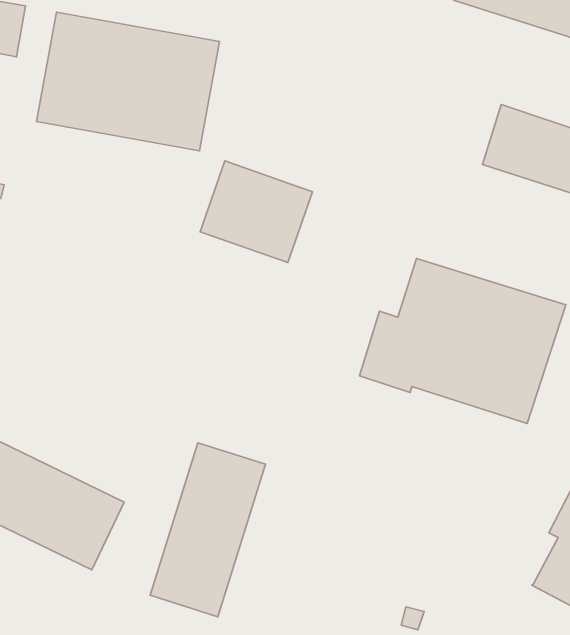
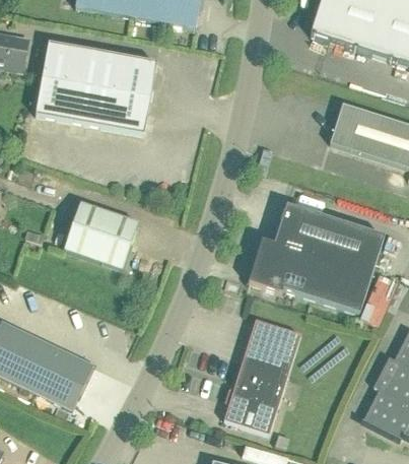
building: [200,161,313,263] -> [64,202,138,269]
building: [150,443,266,617] -> [224,320,300,435]

